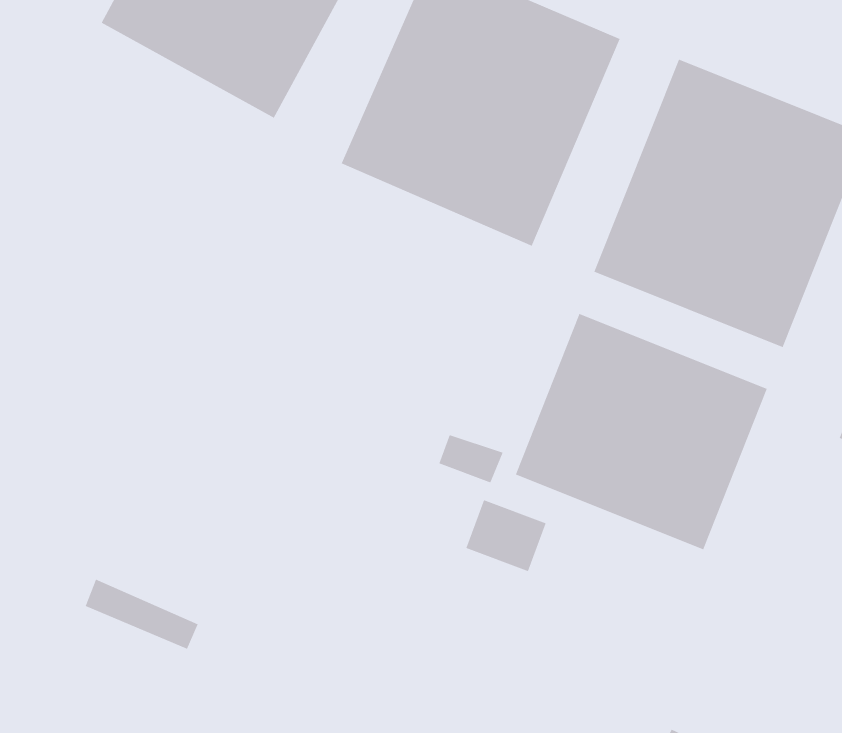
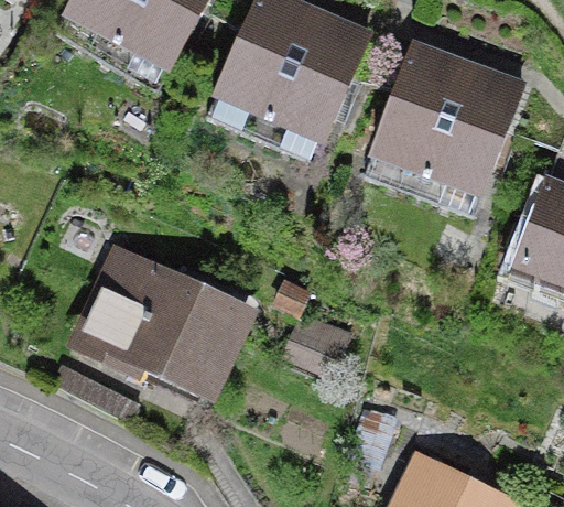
building: [515,313,767,550] -> none
building: none -> [67,238,241,390]

